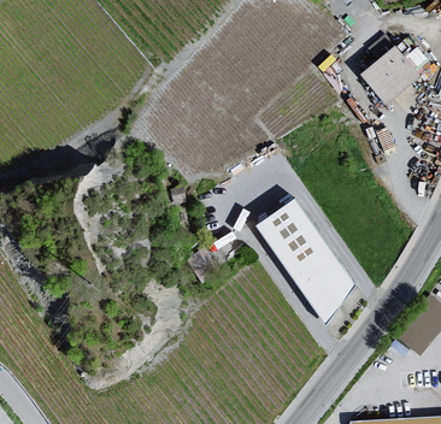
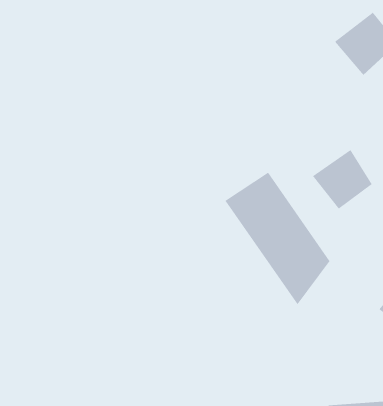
building: none -> [312,149,373,209]

